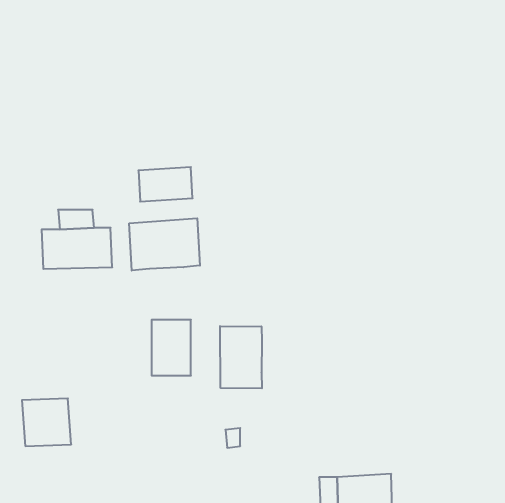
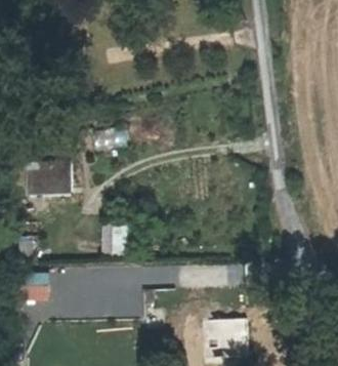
building: [129,218,200,271] -> none
building: [220,326,262,388] -> none

